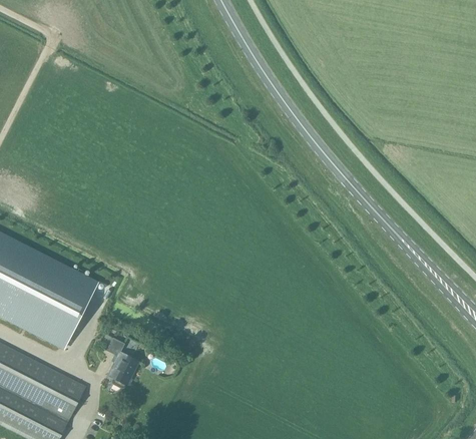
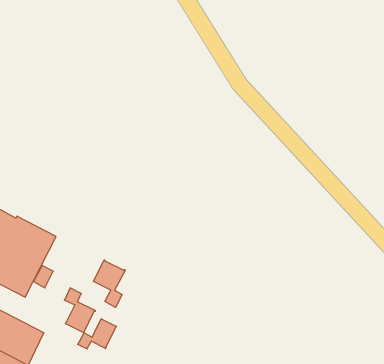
building: none -> [94,260,125,307]
building: none -> [78,319,117,349]

